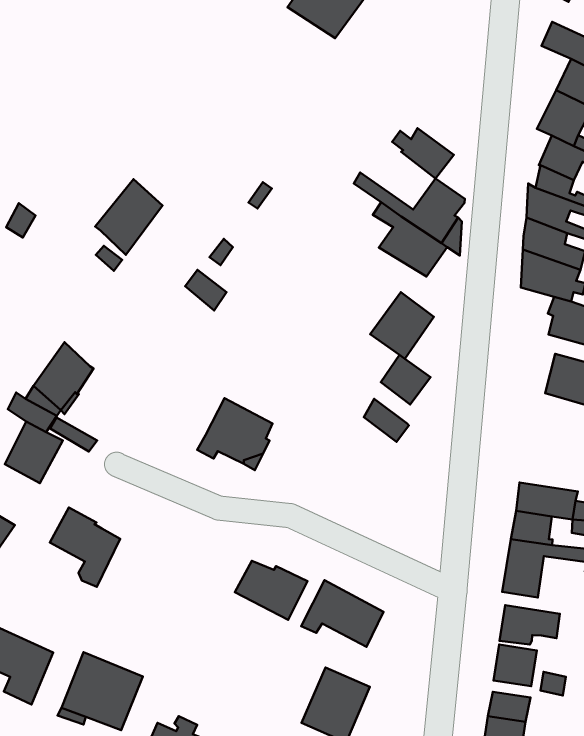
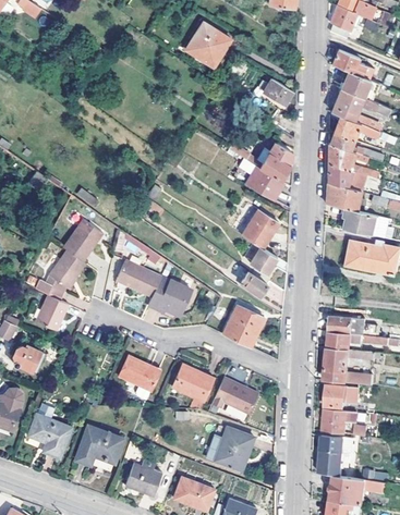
building: [392,128,454,178] -> [257,75,293,103]
building: [95,179,163,255] -> [63,218,101,261]
building: none -> [114,260,160,297]
building: none -> [222,305,264,347]
building: [50,508,120,587] -> [118,356,158,401]

